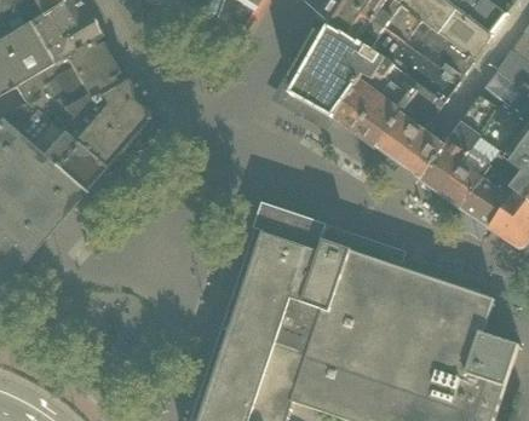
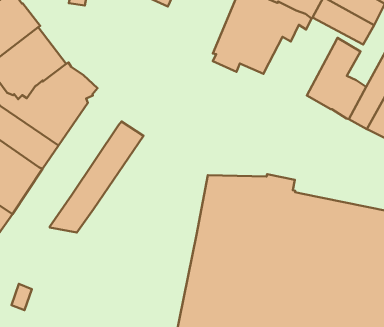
building: [337,65,445,148] -> none
building: none -> [50,121,143,232]

